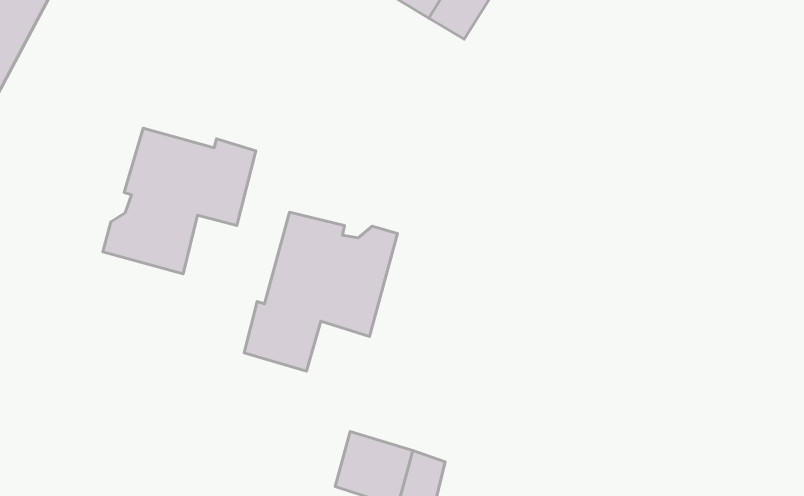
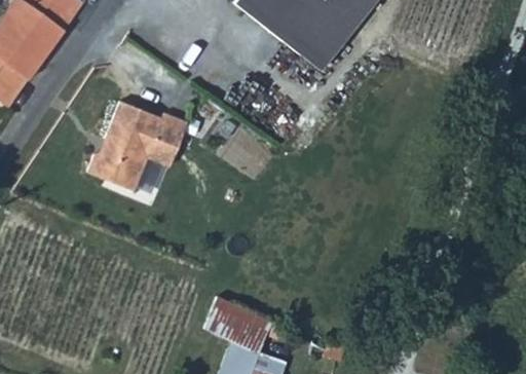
building: [244,212,398,371] -> none

